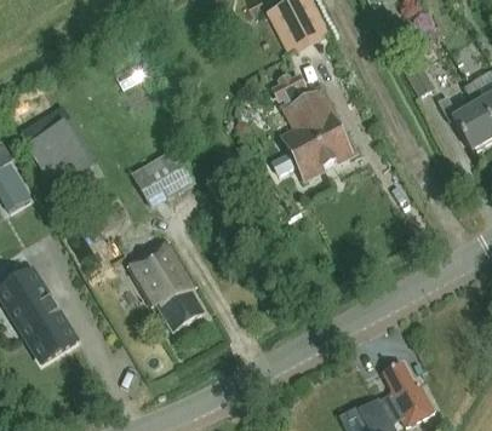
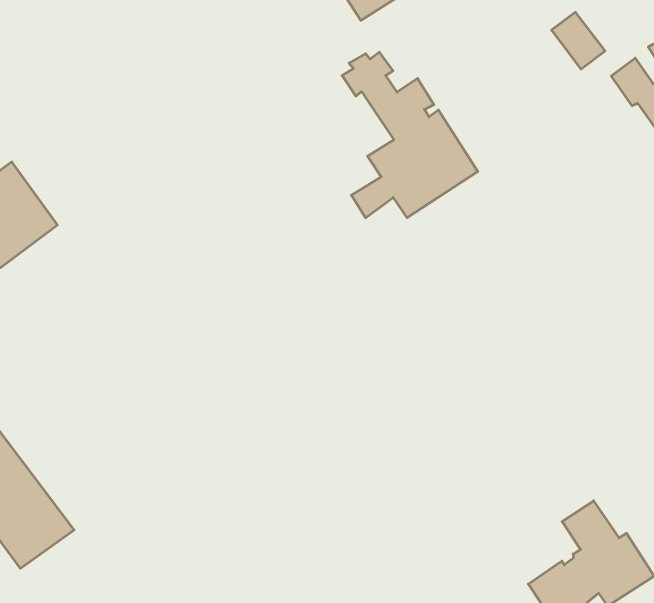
building: [131,148,195,197] -> none
building: [127,241,205,332] -> none

